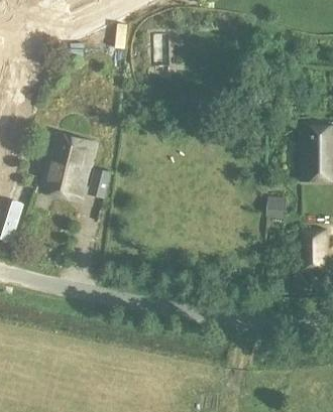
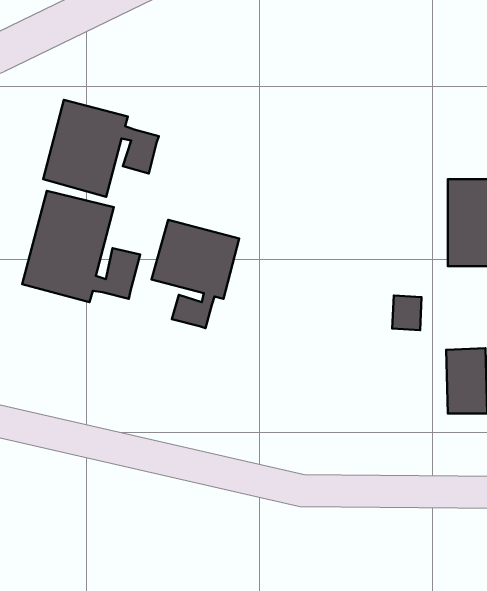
building: none -> [43,100,159,197]
building: none -> [152,220,239,328]

